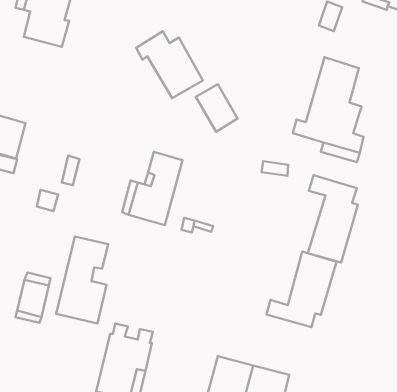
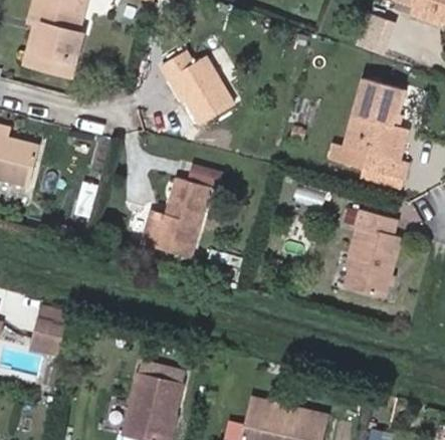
building: none -> [26,24,79,79]
building: [196,84,238,132] -> none
building: [56,237,108,324] -> none
building: [266,251,336,327] -> none

